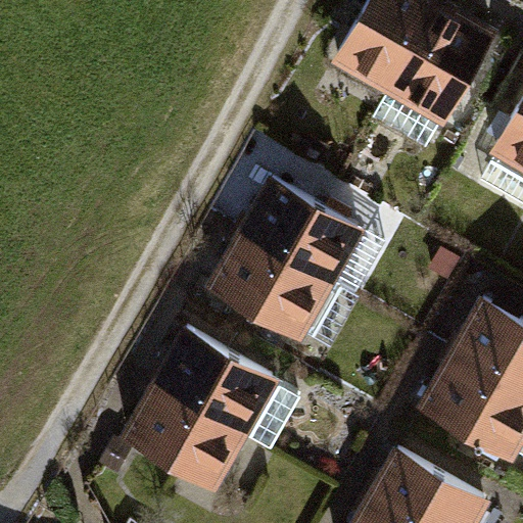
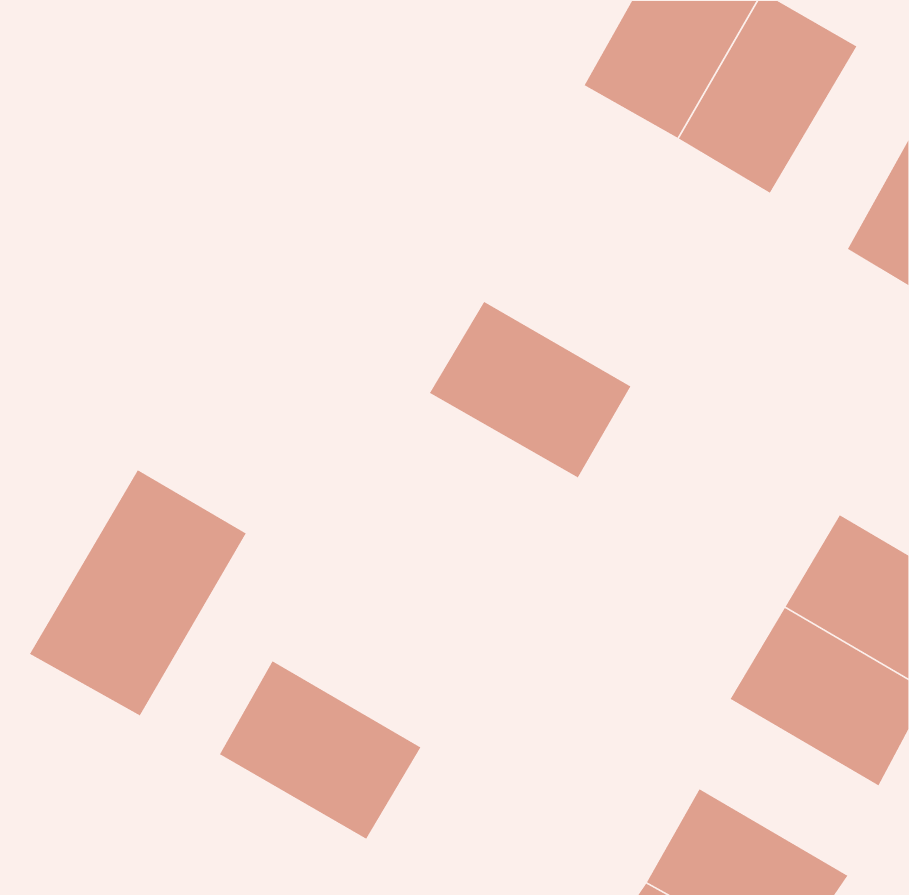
building: [216,234,332,337] -> none
building: none -> [29,469,247,717]
building: [156,334,274,437] -> none

